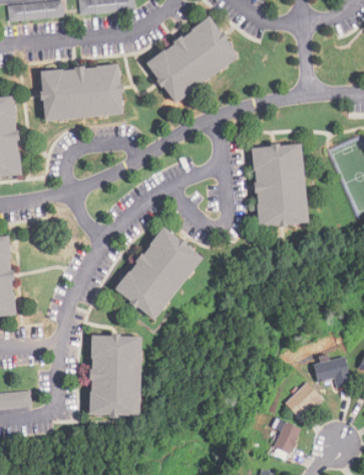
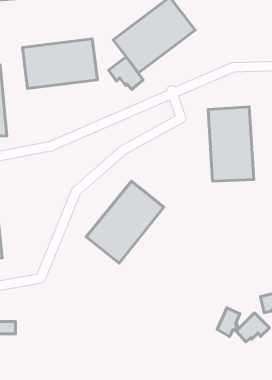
building: none -> [108,57,143,89]
building: [88,335,140,421] -> none
building: [275,419,301,452] -> [217,308,240,336]

